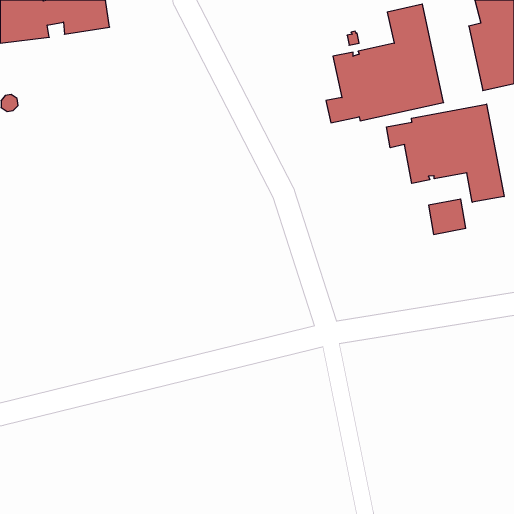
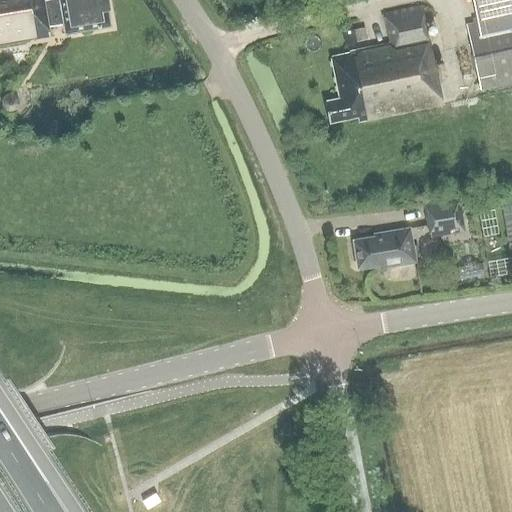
building: [387,104,504,202] -> none
building: none -> [354,227,416,267]

